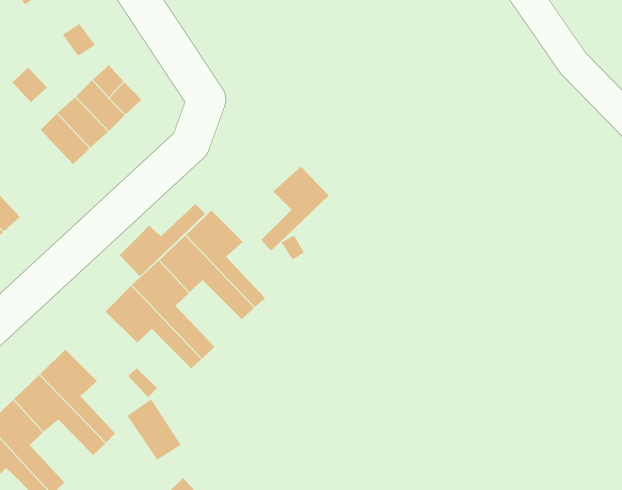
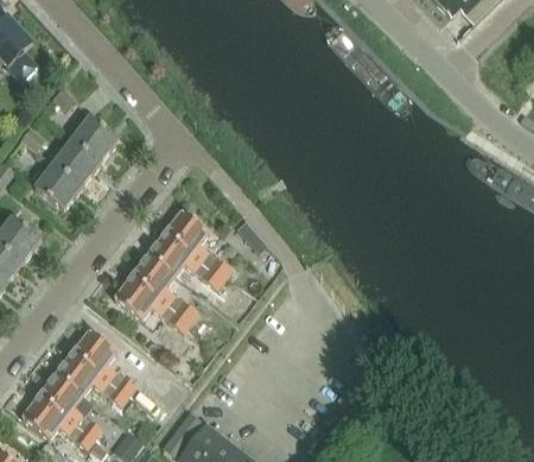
building: none -> [34,171,75,209]
building: [261,166,329,251] -> none
building: [119,203,206,277] -> none

